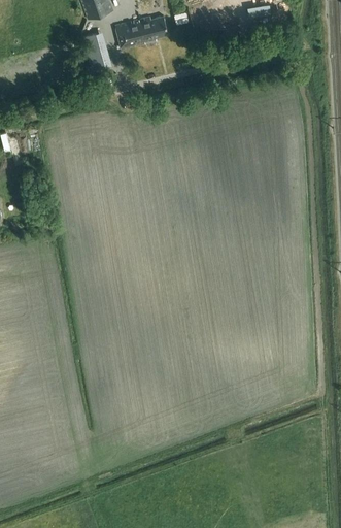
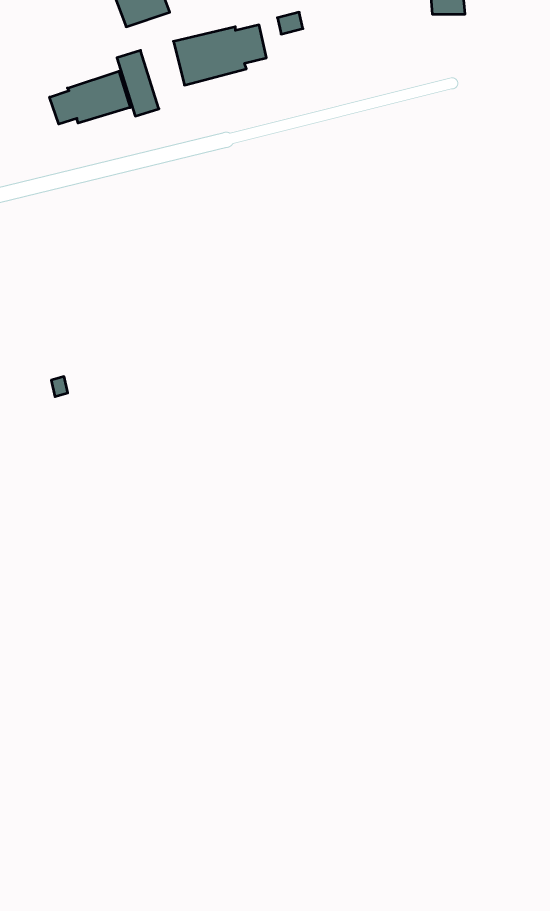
building: none -> [50,71,130,124]

